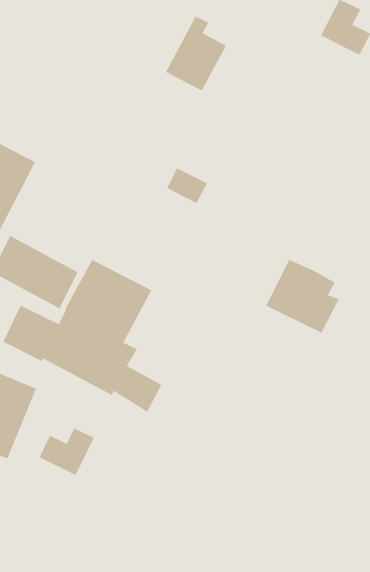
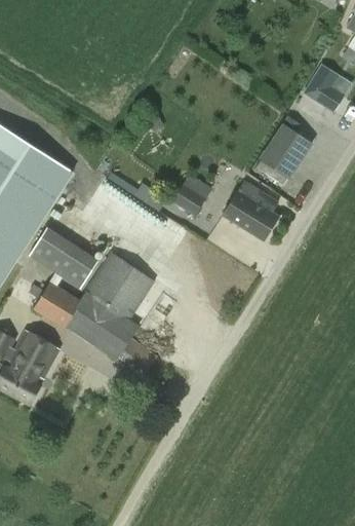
building: [165,16,227,91] -> [260,117,310,177]
building: [266,259,340,333] -> [221,181,279,241]
building: [39,427,94,476] -> none

